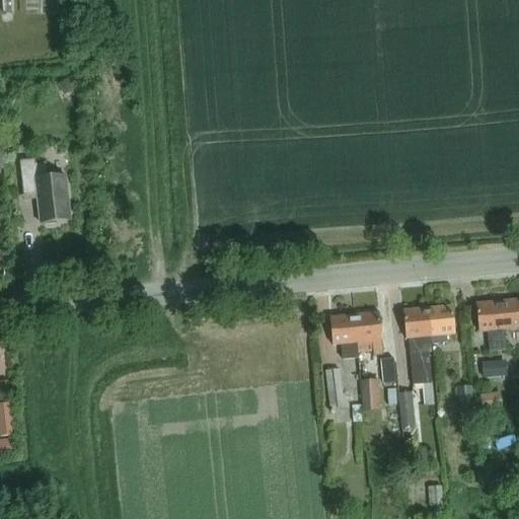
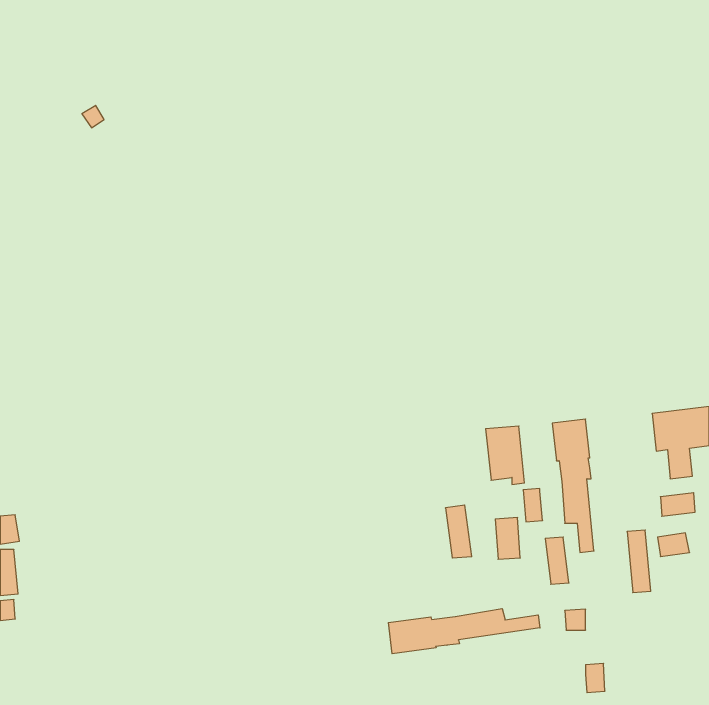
building: [19,157,70,224] -> none
building: [428,304,455,342] -> none
building: [330,313,359,357] -> none
building: none -> [388,609,540,654]

